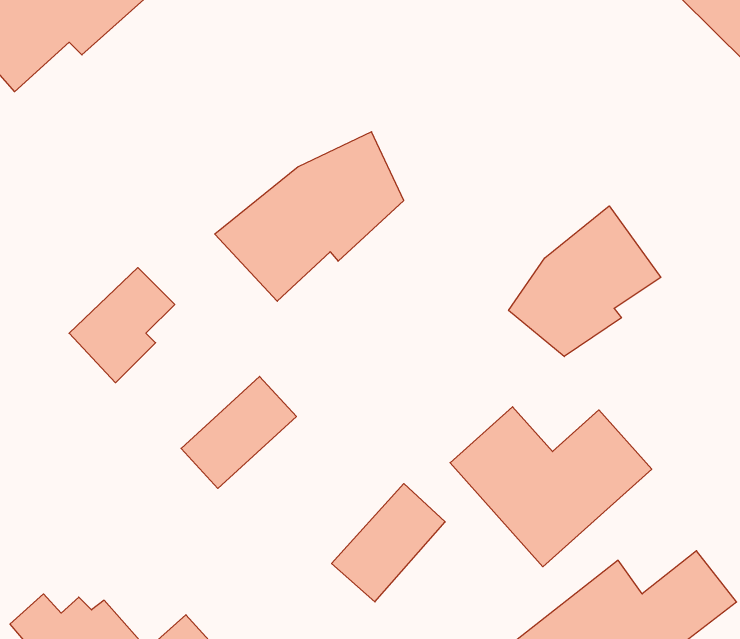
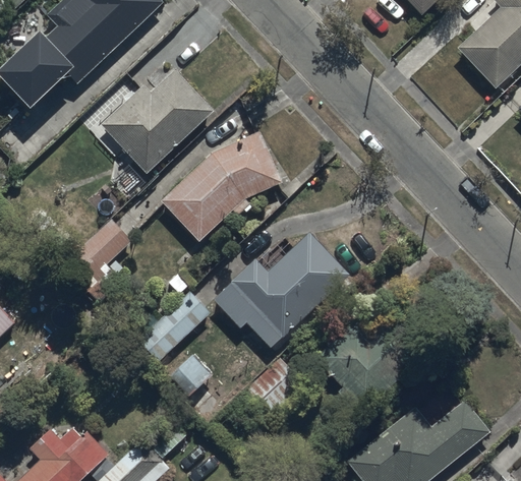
building: none -> [103,70,214,173]
building: [509,206,661,357] -> none
building: none -> [212,234,350,349]

